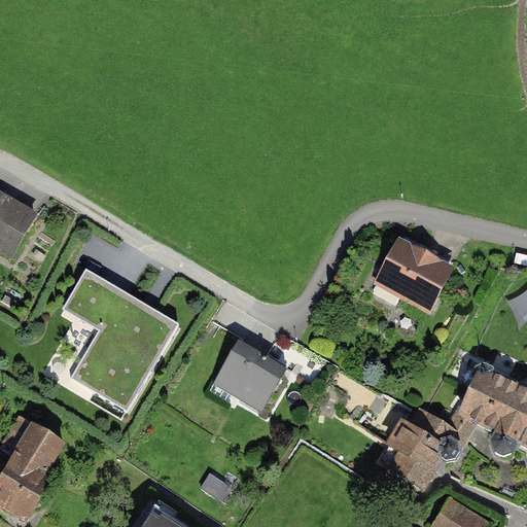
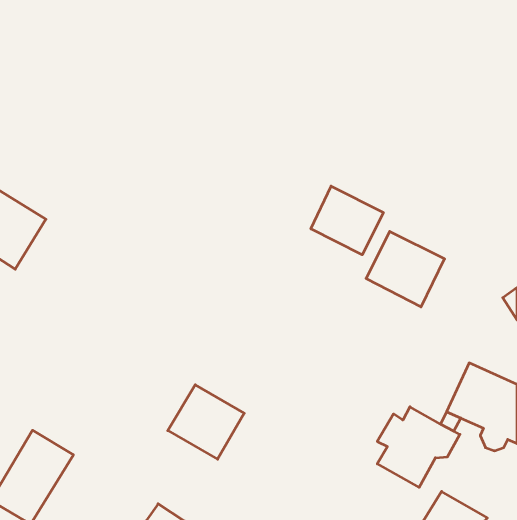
building: none -> [311,186,383,255]
building: [65,268,178,407] -> none
building: [210,336,287,411] -> [168,385,244,459]

